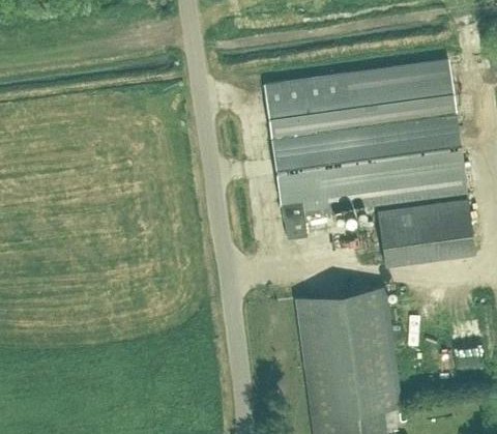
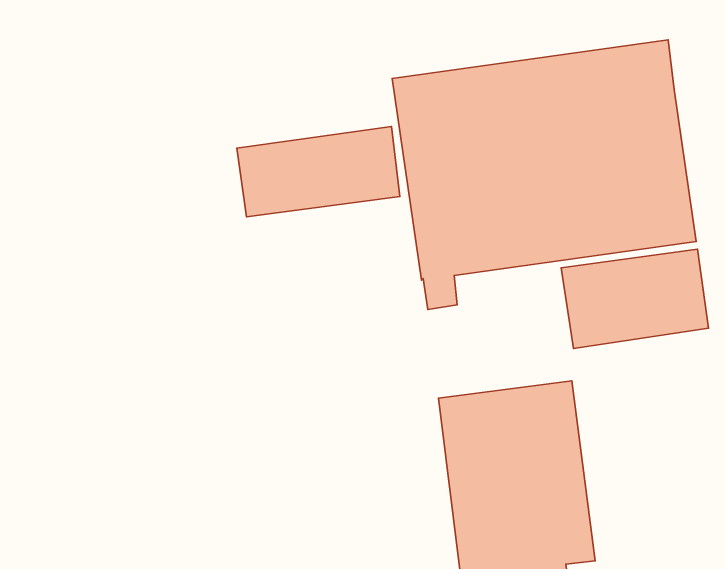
building: none -> [237,126,400,217]

